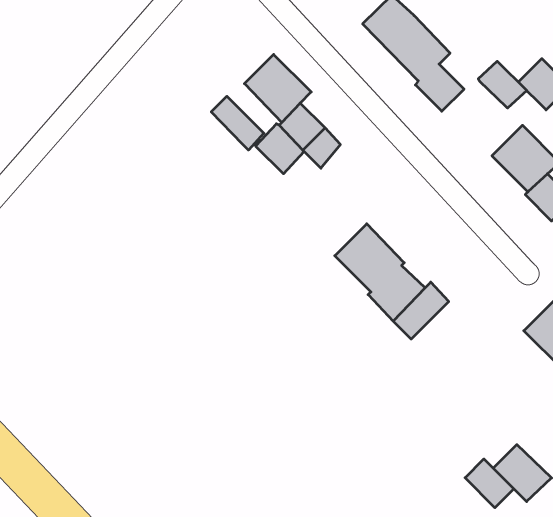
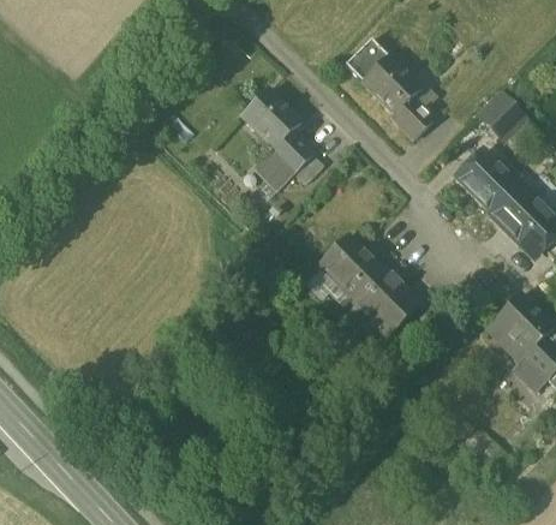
building: [478,61,527,108] -> none
building: [211,96,264,150] -> none
building: [465,459,514,508] -> none

